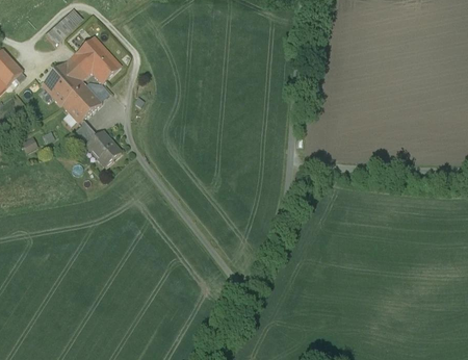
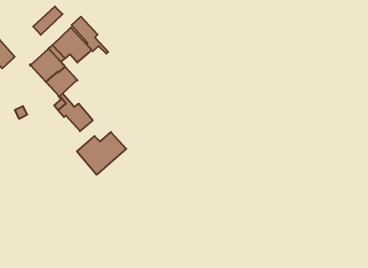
building: none -> [72,17,108,54]
building: none -> [77,132,126,175]

